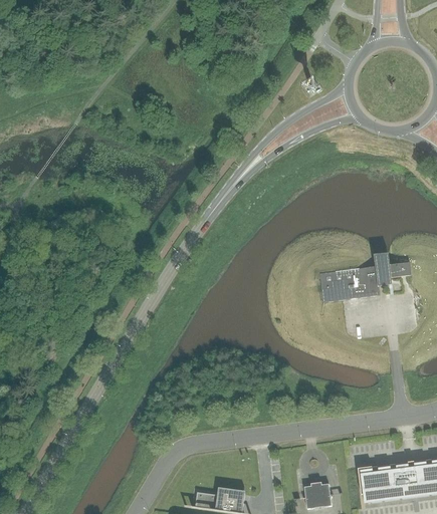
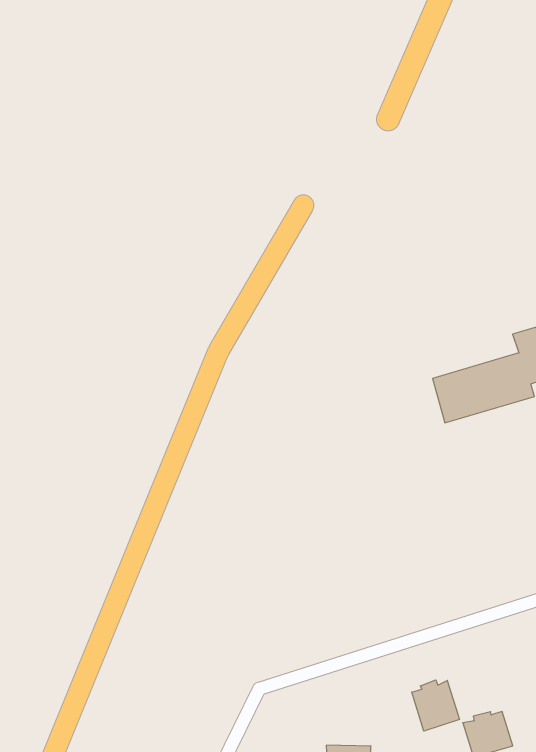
building: none -> [412,680,459,731]

